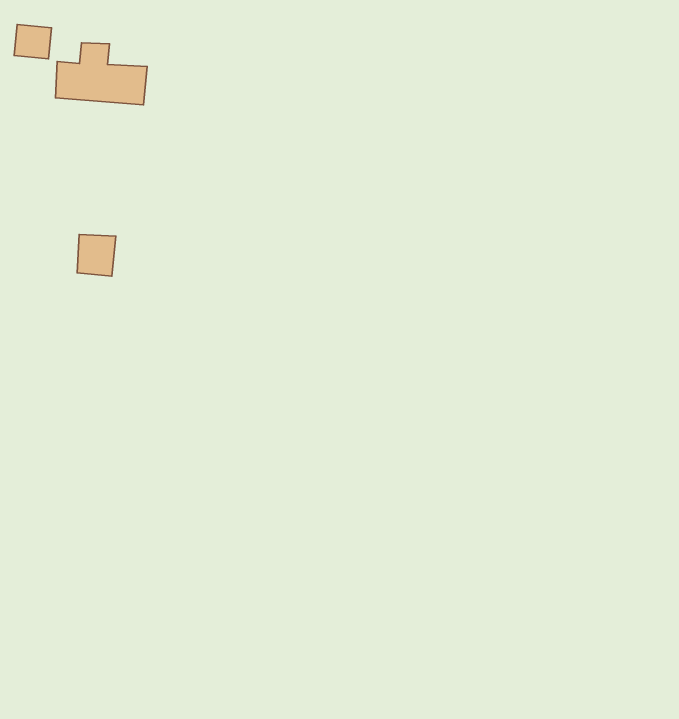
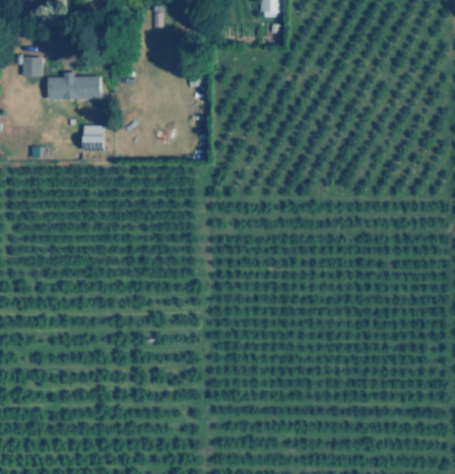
building: [77,235,116,276] -> [85,125,107,148]

